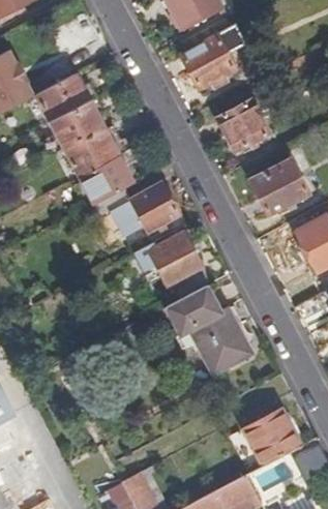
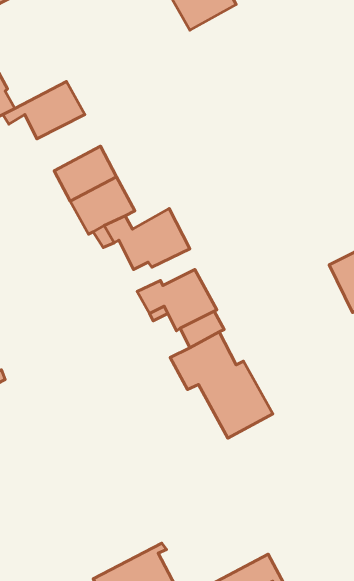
building: [181,27,244,91] -> none
building: [218,98,270,151] -> none
building: [52,102,106,150] -> none
building: [251,156,310,214] -> none
building: [245,410,302,467] -> none

